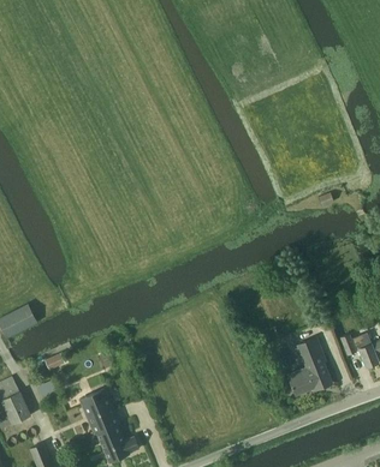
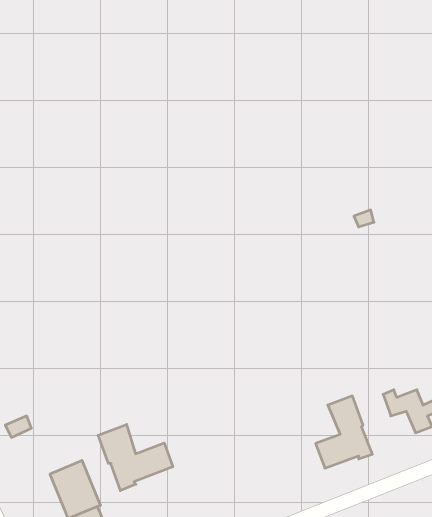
building: none -> [98,424,173,491]

